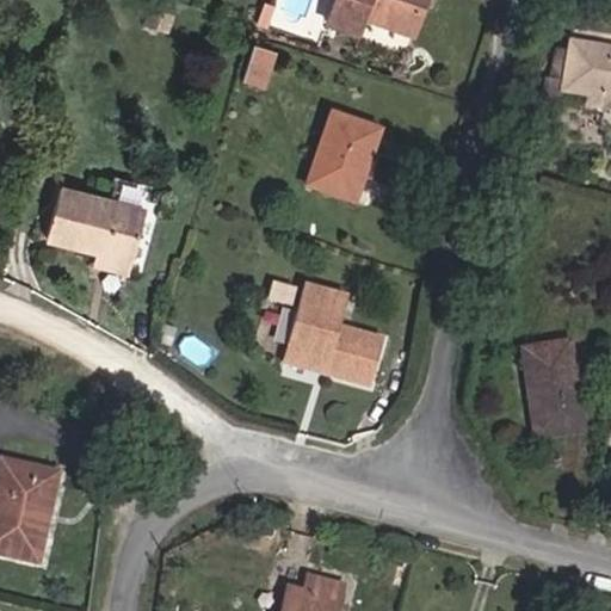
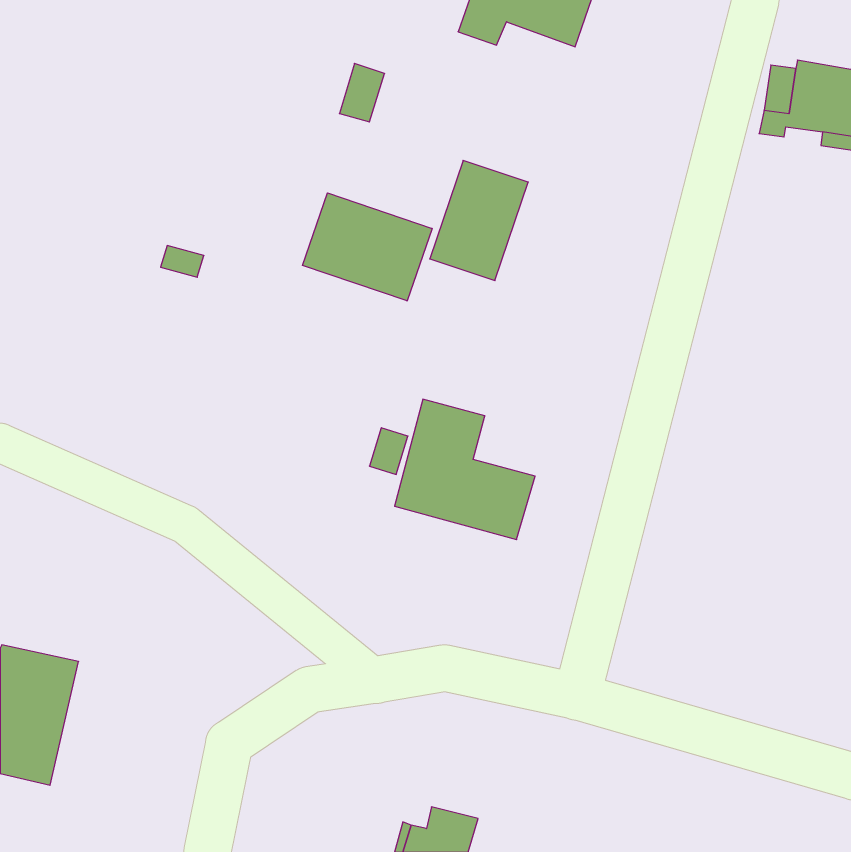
building: none -> [303,193,432,301]
building: [48,187,147,272] -> none
building: [524,341,585,437] -> none

